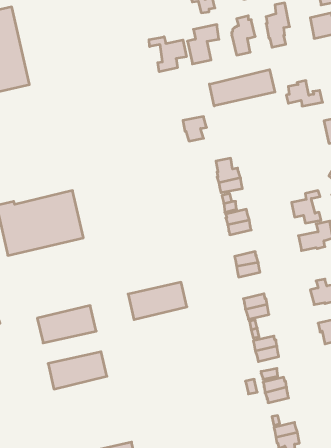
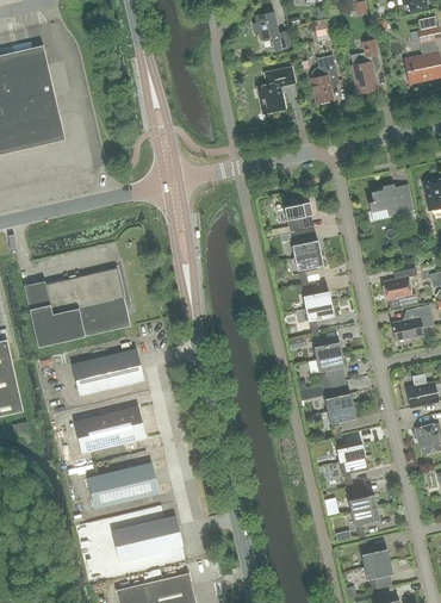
building: [149,37,186,72] -> none
building: [209,70,275,106] -> none
building: [286,81,323,106] -> [368,184,412,215]
building: [183,117,207,141] -> [284,201,312,231]
building: [128,282,187,320] -> [72,349,143,394]
building: none -> [112,515,182,560]

